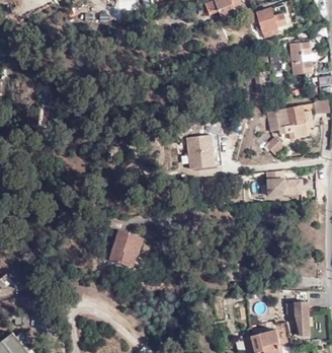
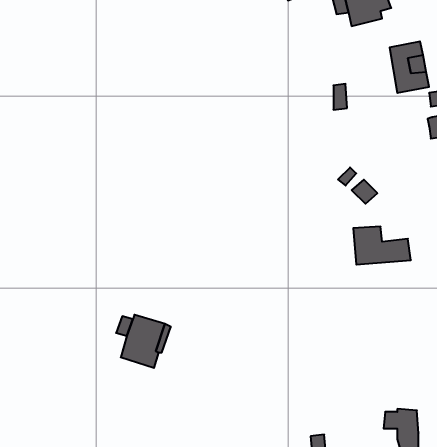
building: [262,108,308,138] -> none
building: [184,134,213,166] -> none

